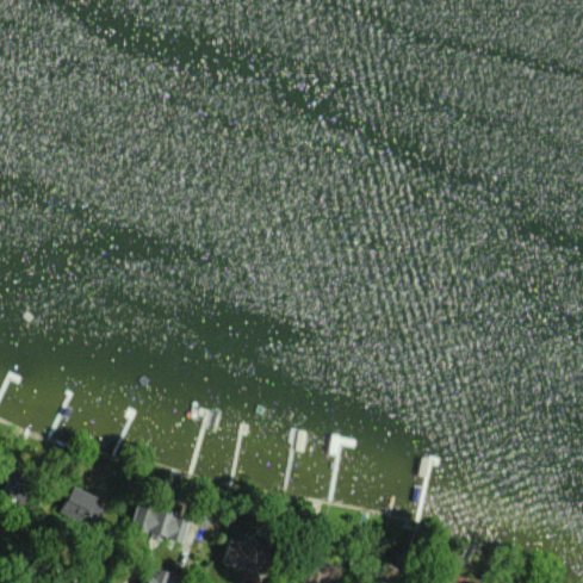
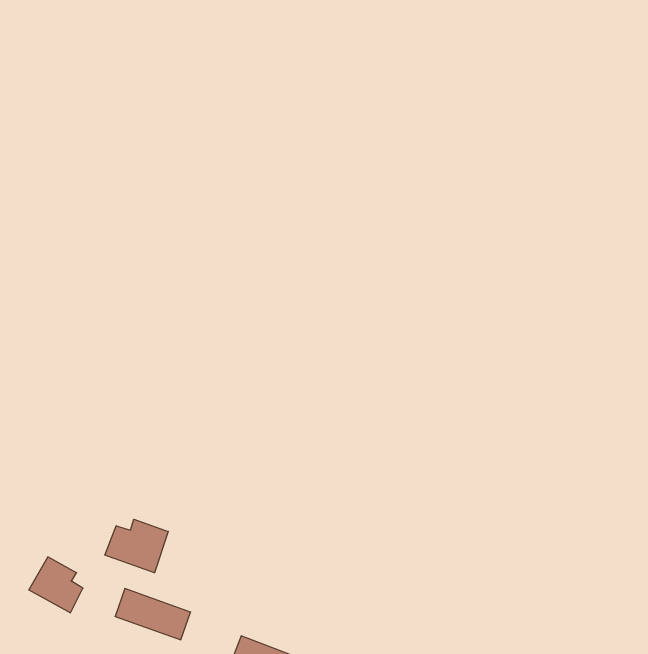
building: none -> [105,519,168,573]

